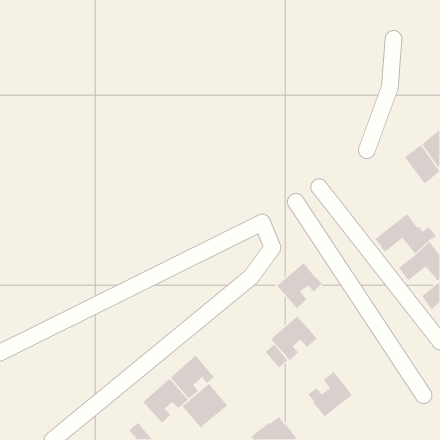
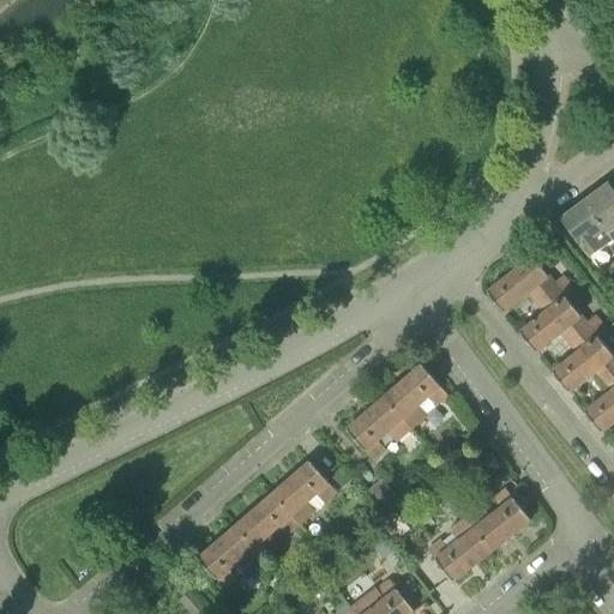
building: none -> [488,257,576,313]
building: [270,316,318,361] -> [347,397,413,460]
building: none -> [464,488,530,549]
building: [182,383,228,429] -> [272,460,337,524]

